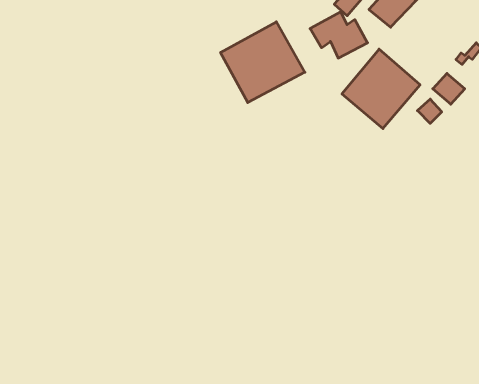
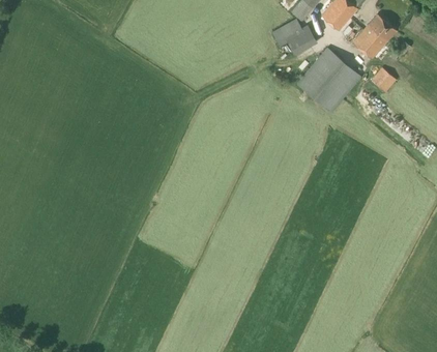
building: none -> [353,14,396,58]
building: [221,22,305,103] -> none

